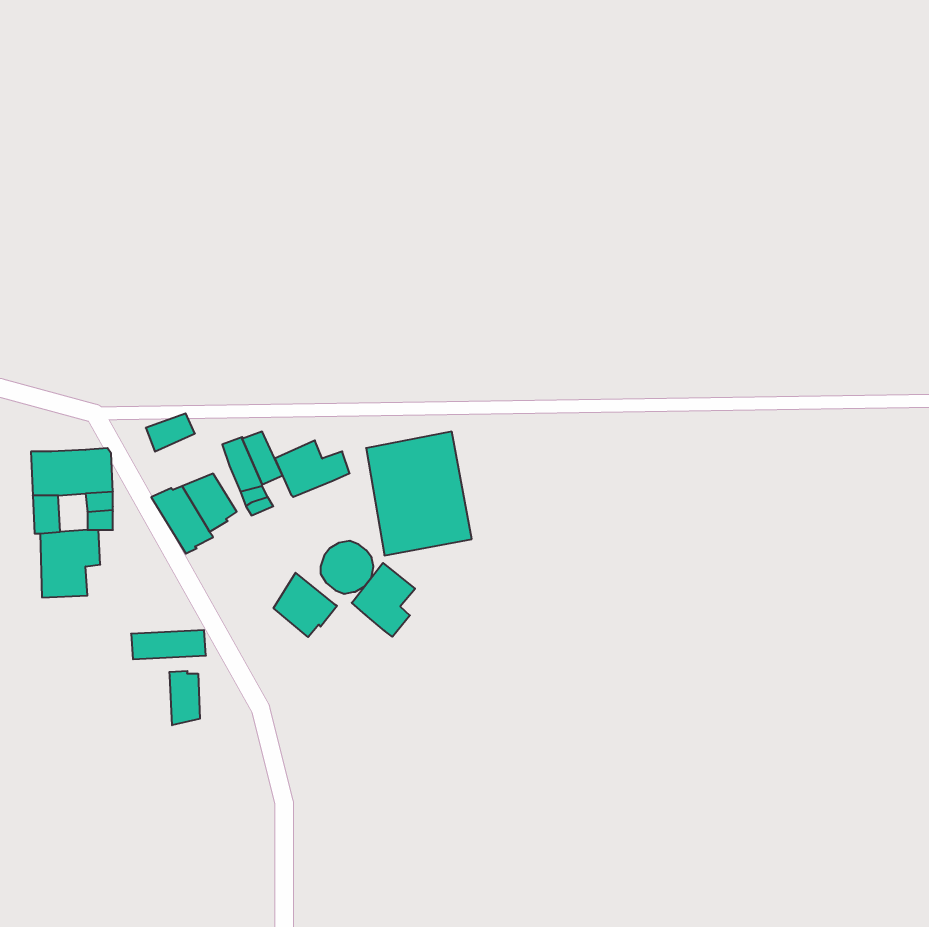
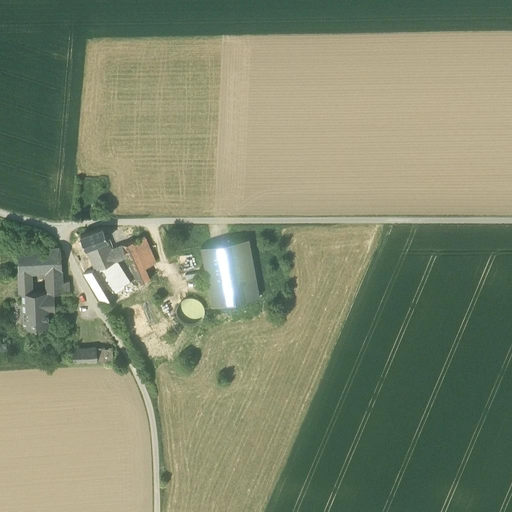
building: [275,440,350,497] -> [86,240,127,271]
building: [352,563,415,637] -> none
building: [274,573,337,637] -> none
building: [169,671,200,725] -> none

